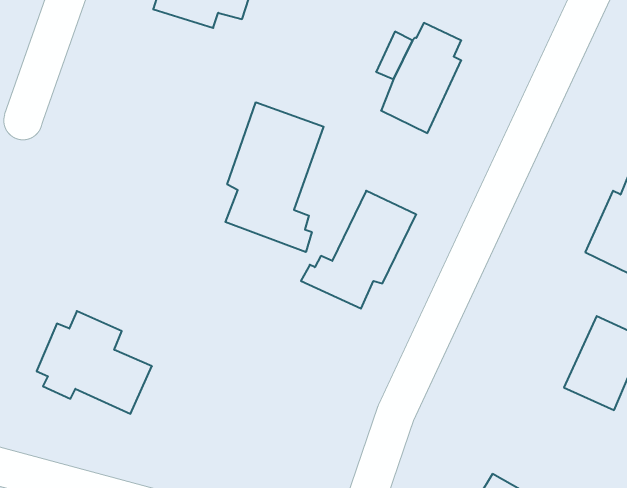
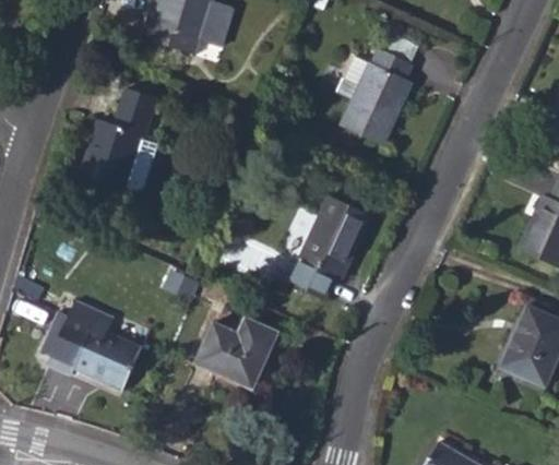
building: none -> [82,87,158,188]
building: [225,102,324,252] -> none
building: none -> [197,317,277,389]

